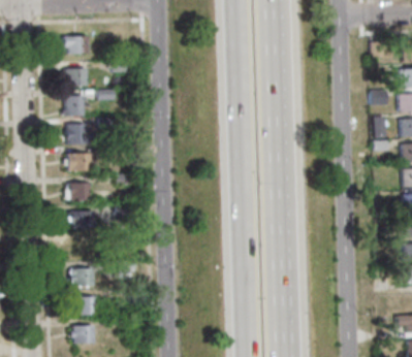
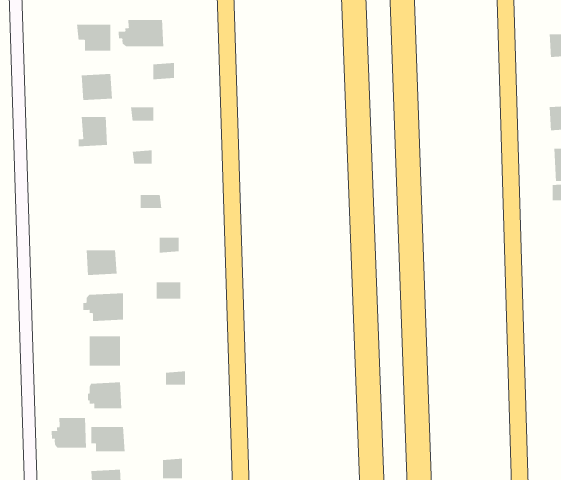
building: none -> [118,19,164,47]
building: [68,124,96,144] -> none
building: [68,153,91,170] -> none
building: none -> [51,417,86,448]

